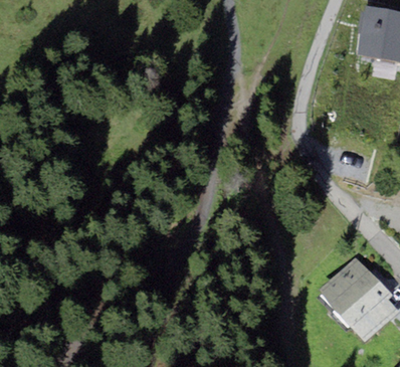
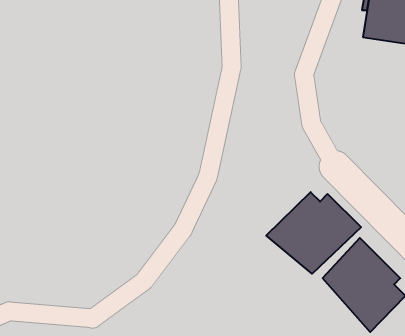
building: none -> [266,192,361,274]

